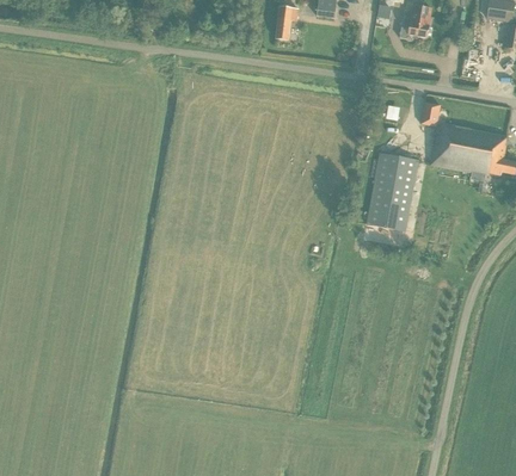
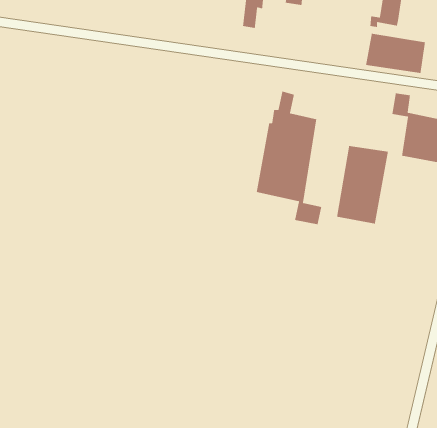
building: none -> [365,33,426,74]
building: none -> [256,91,322,225]

